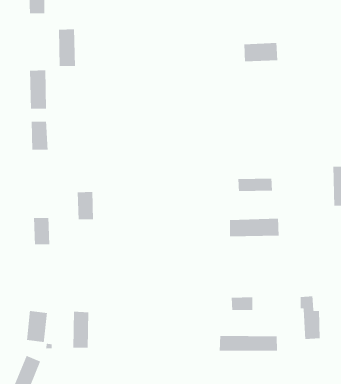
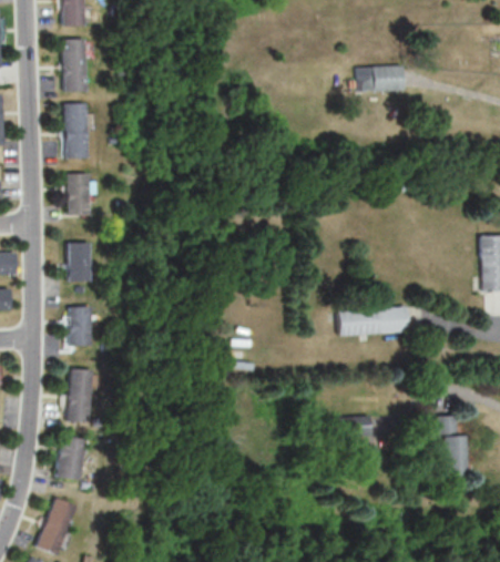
building: [58,29,76,67] -> [62,39,86,92]
building: [237,178,273,192] -> none
building: [77,191,94,220] -> [65,243,89,283]
building: [72,311,89,349] -> [69,369,92,421]
building: [219,335,278,351] -> none

